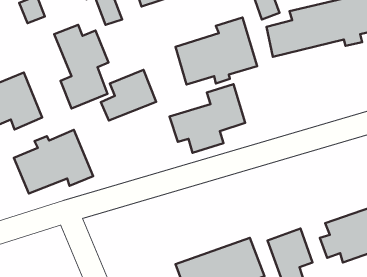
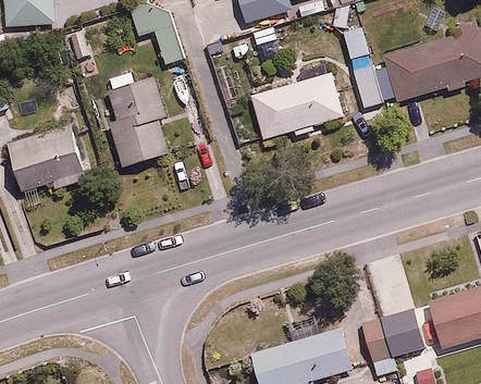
building: [101,70,156,120] -> none
building: [170,84,245,153] -> none
building: [14,130,93,194] -> none

